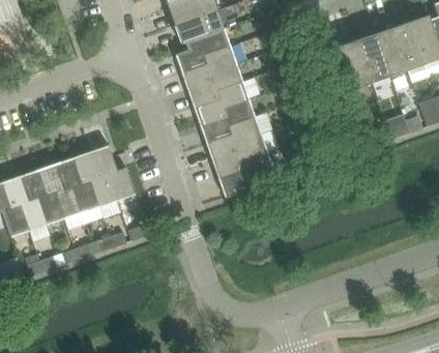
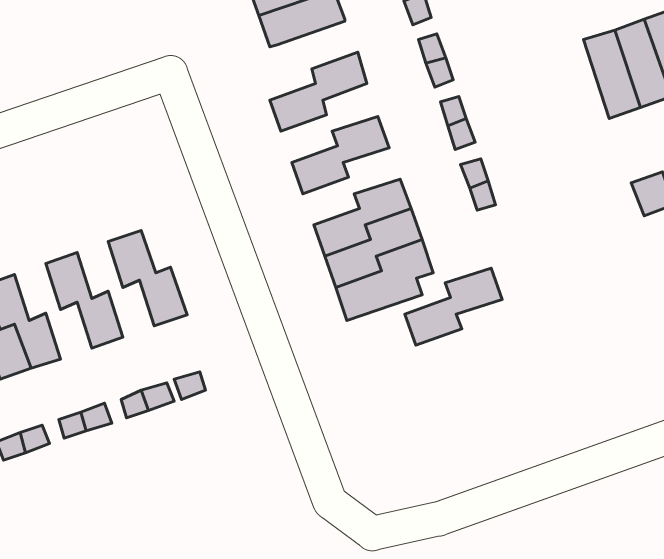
building: [175,28,231,72] -> none
building: [340,38,373,89] -> none
building: [187,63,242,108] -> none
building: [200,99,255,143] -> [405,268,502,345]
building: [72,152,116,206] -> none
building: [37,165,81,218] -> none

